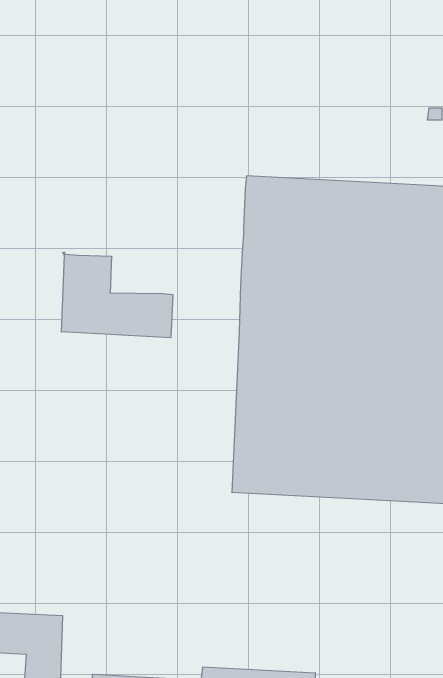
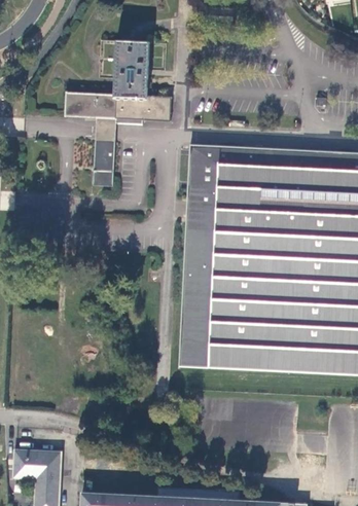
building: none -> [66,40,172,183]
building: [61,252,173,338] -> none

